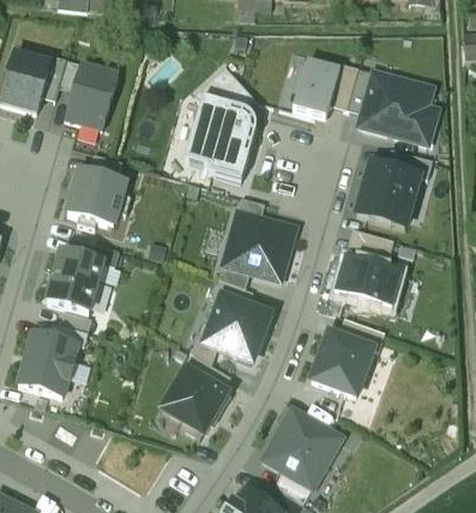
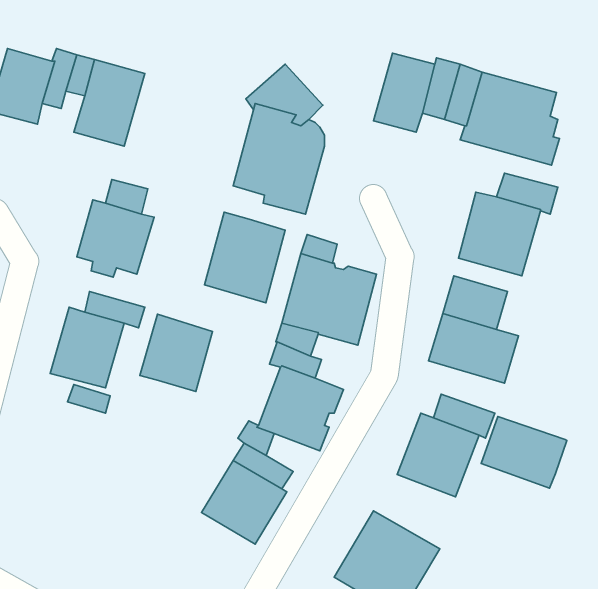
building: none -> [204,212,285,303]
building: none -> [140,314,212,391]
building: [18,332,78,398] -> none
building: none -> [481,417,567,488]

